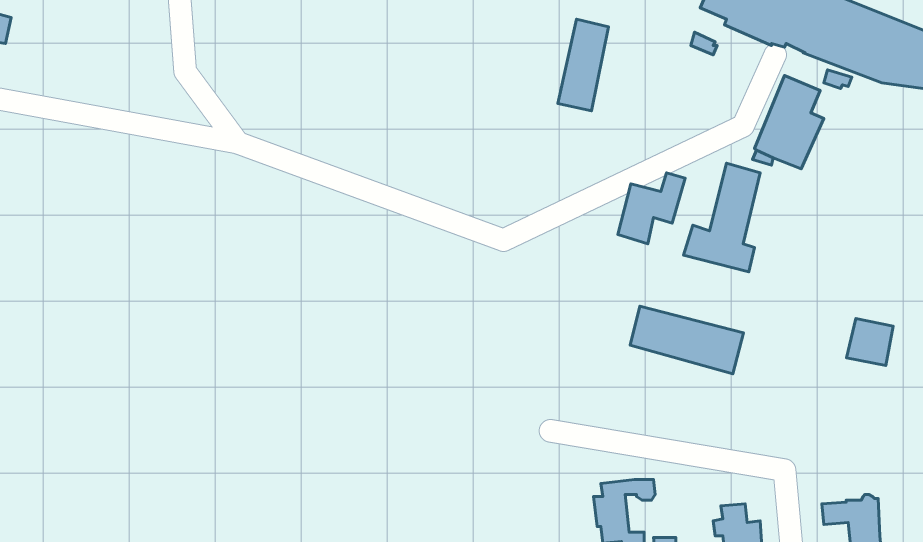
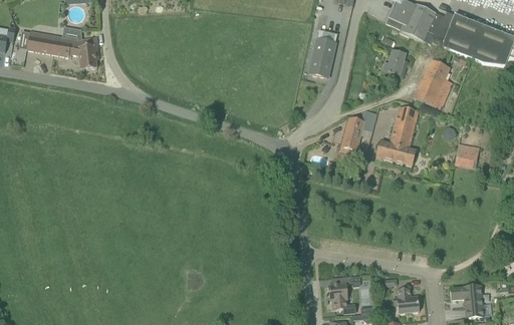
building: none -> [27,31,96,69]
building: none -> [382,49,407,75]
building: [630,306,743,374] -> none
building: [846,319,893,365] -> [454,142,479,168]

